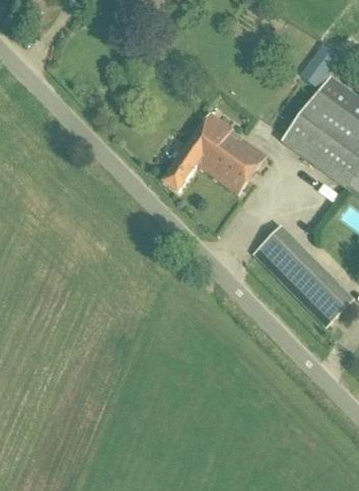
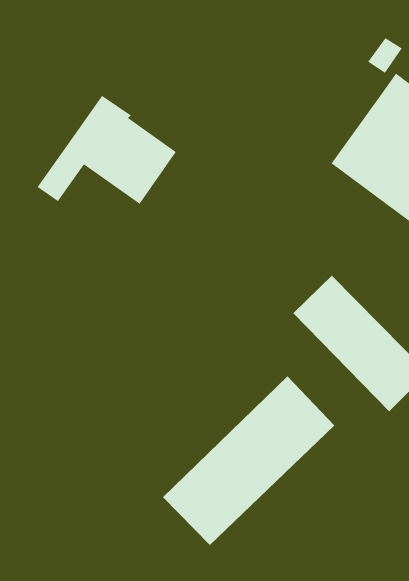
building: [161,111,266,193] -> [37,95,177,205]
building: none -> [162,375,335,546]

